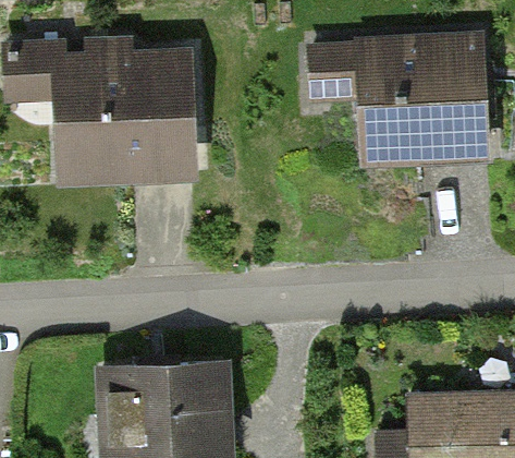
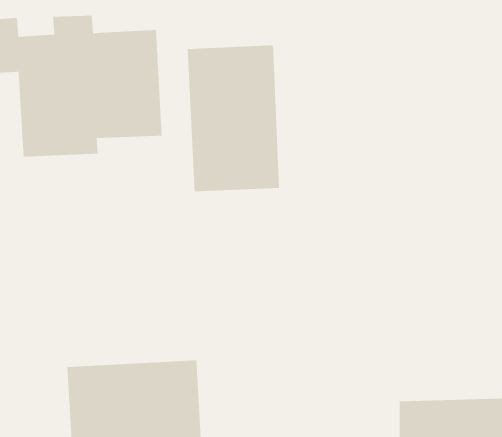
building: [315,44,485,157] -> none
building: none -> [187,44,280,192]

